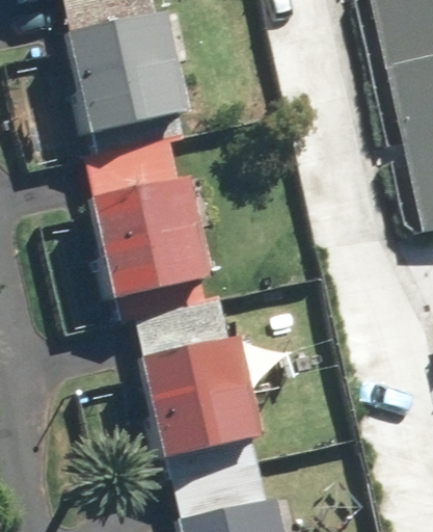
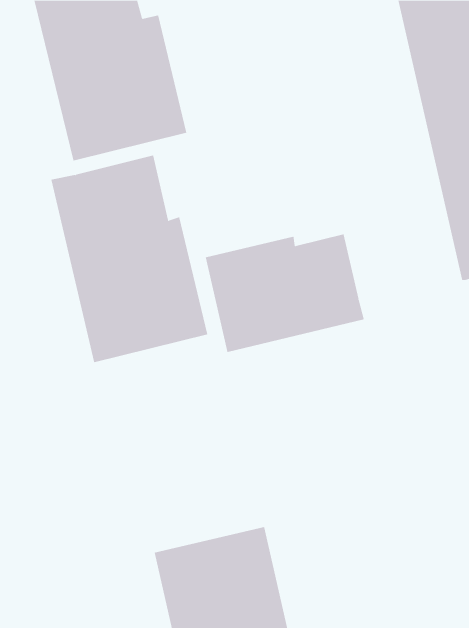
building: none -> [205,233,365,353]
building: [129,287,260,467] -> none

